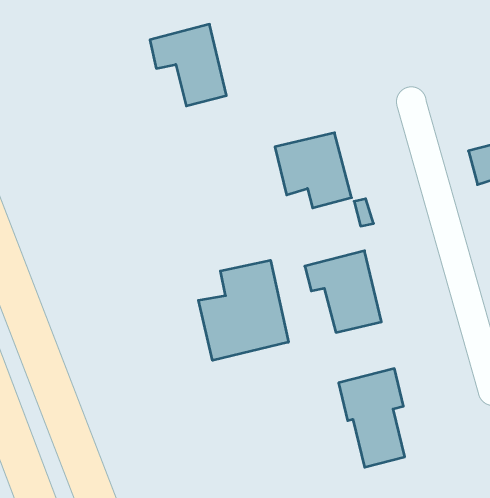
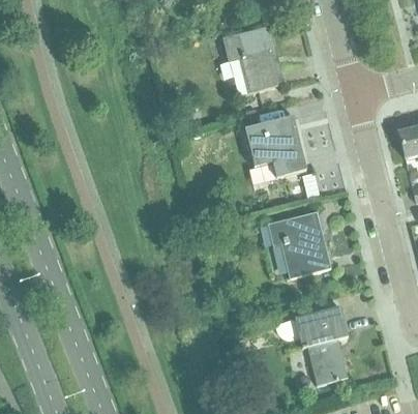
building: [150,24,226,106] -> [221,26,282,91]
building: [198,260,288,360] -> none

